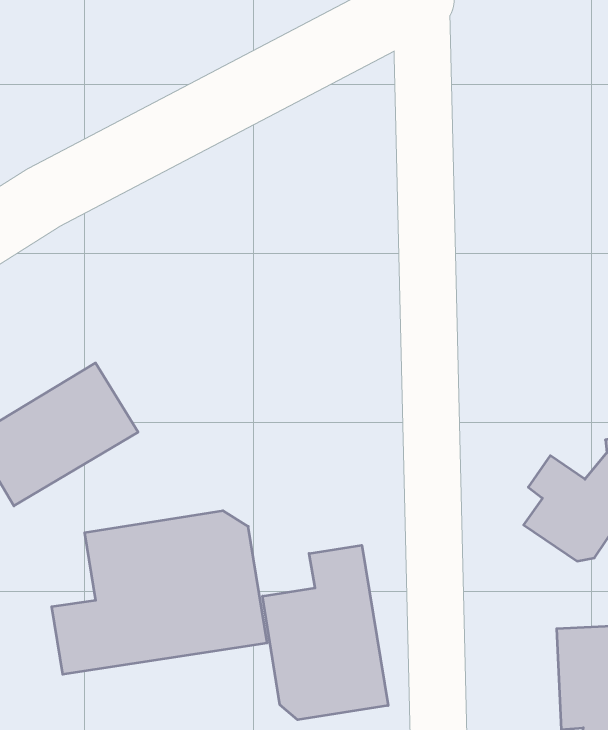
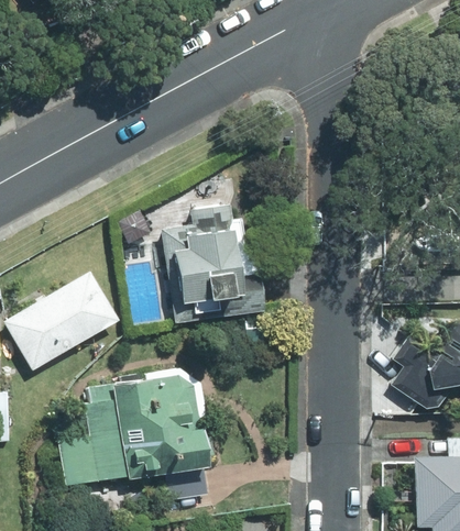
building: none -> [162,203,264,323]
building: [263,545,388,720] -> none

